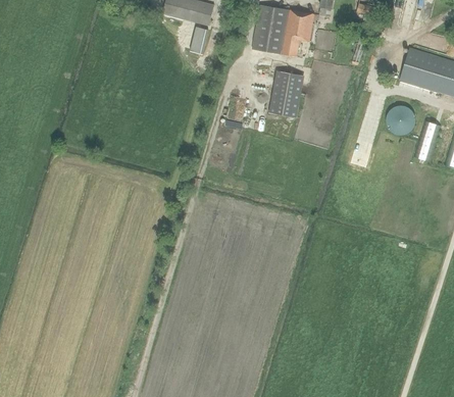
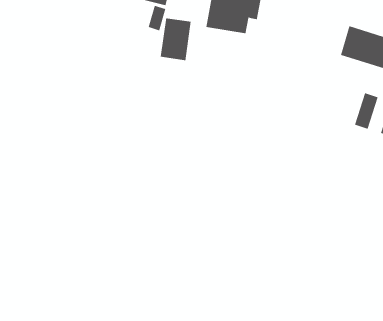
building: [268,69,303,116] -> [160,18,192,61]
building: [386,104,415,134] -> none

